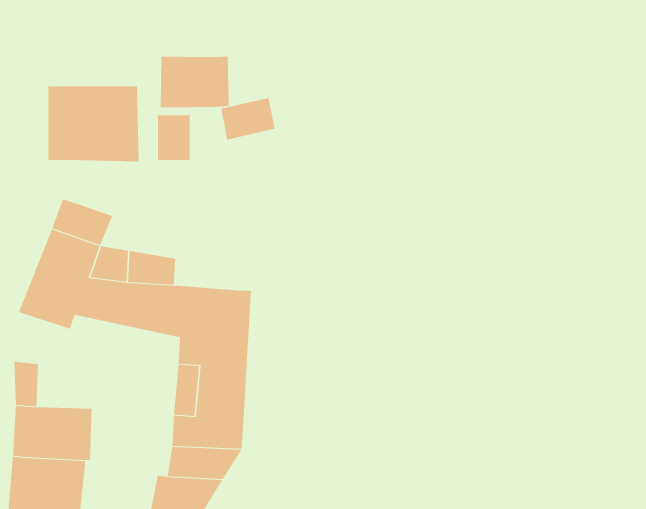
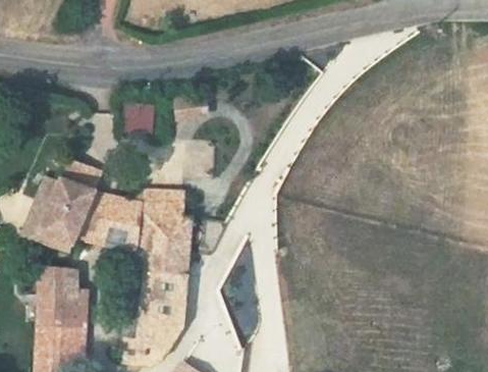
building: [160,56,229,108] -> none
building: [48,85,139,162] -> none
building: none -> [141,187,182,218]

